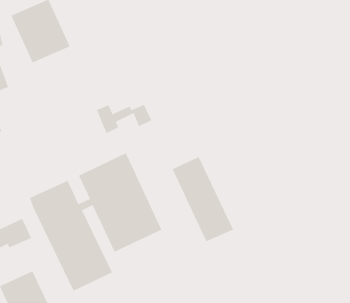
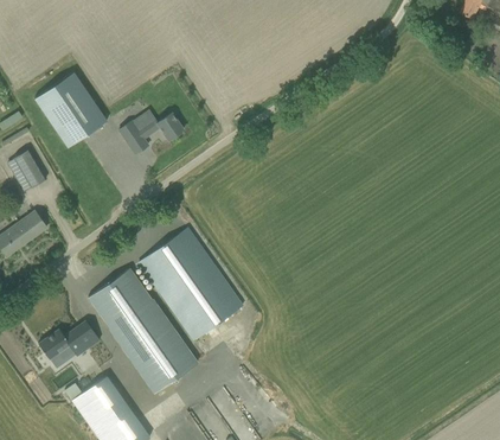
building: [96,104,152,134] -> [120,114,184,154]
building: [172,156,234,242] -> none

